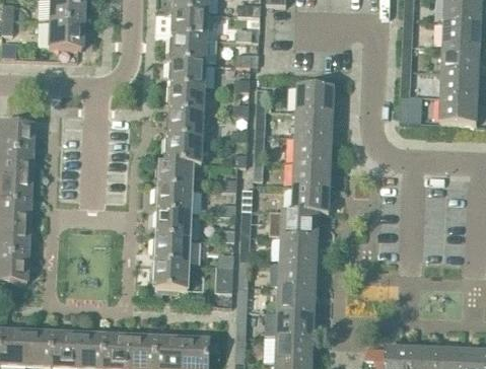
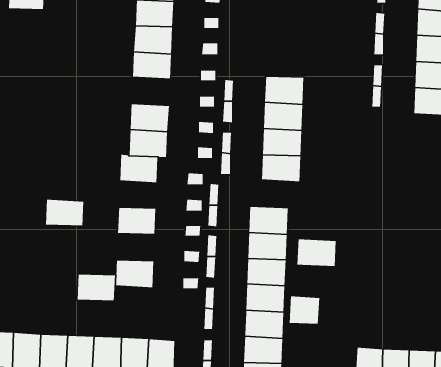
building: [48,18,83,47] -> none
building: [167,84,206,112] -> none
building: [282,183,331,211] -> [286,239,337,267]
building: [155,184,193,211] -> [45,199,84,226]
building: [153,235,191,262] -> [77,274,116,301]
building: none -> [289,295,320,324]

